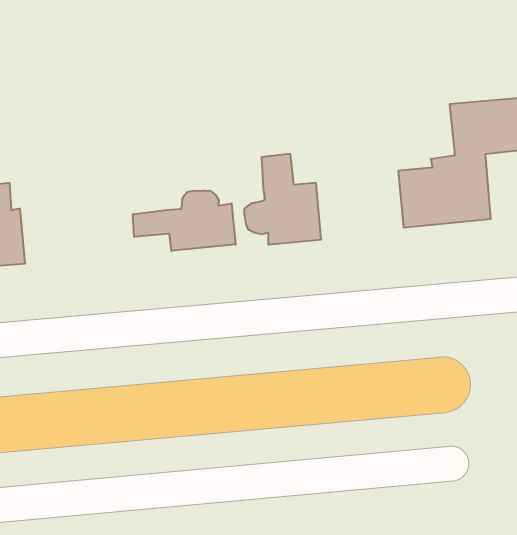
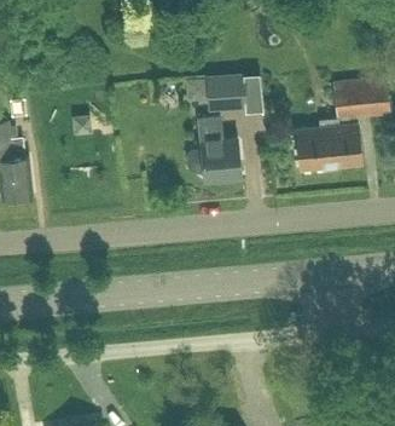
building: none -> [208,74,246,111]
building: [133,190,236,251] -> none

